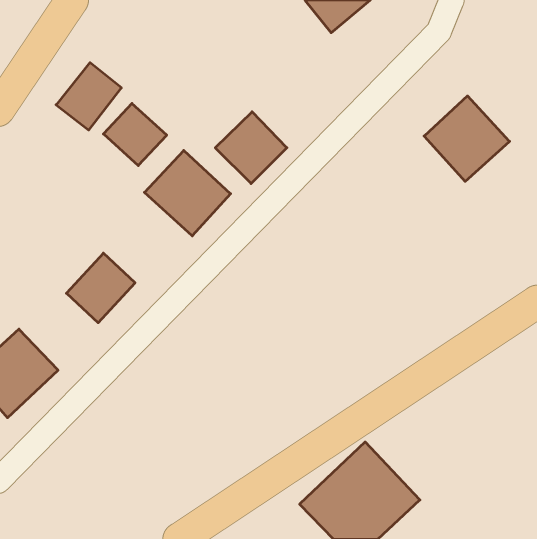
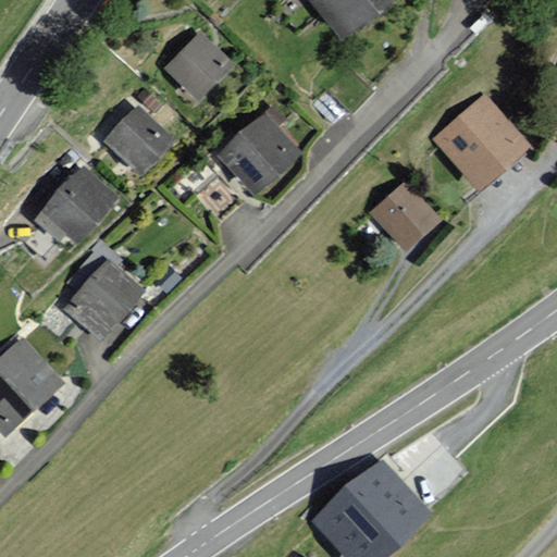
building: none -> [170,35,230,96]
building: [56,63,121,130] -> [46,169,113,238]
building: [144,150,231,236] -> none
building: none -> [372,184,433,245]

